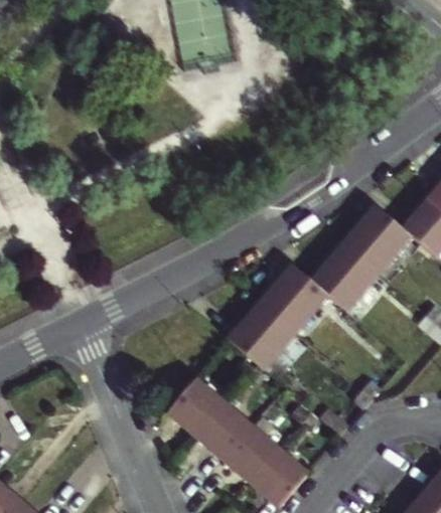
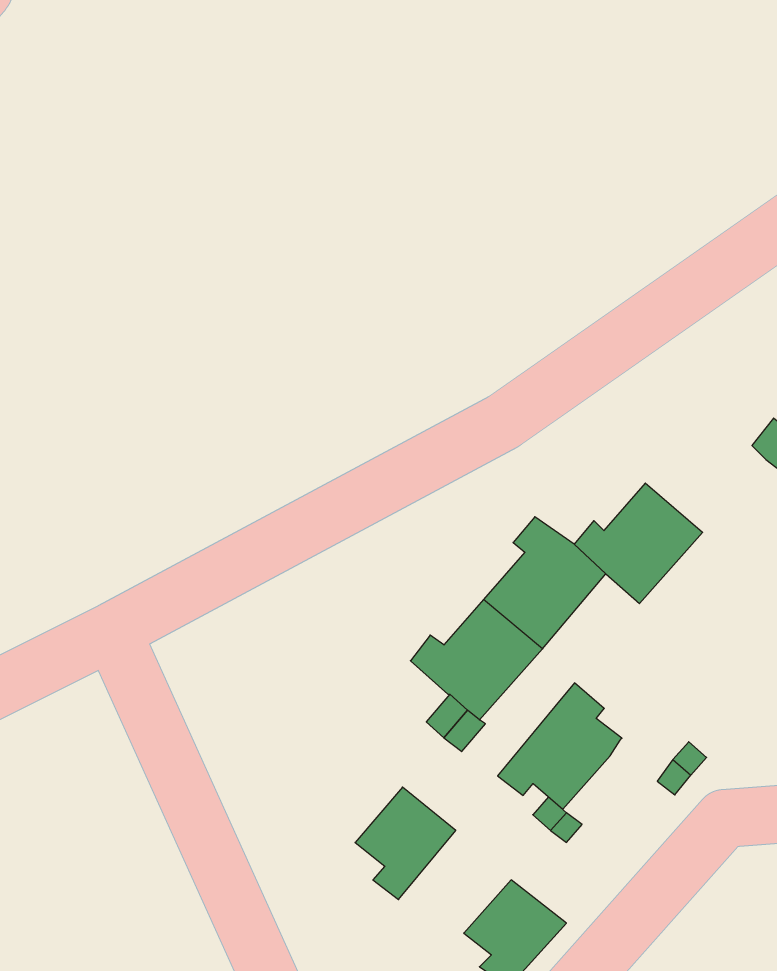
building: [348,205,410,273] -> none
building: [167,377,225,431] -> none
building: [223,412,286,477] -> [498,683,622,809]

